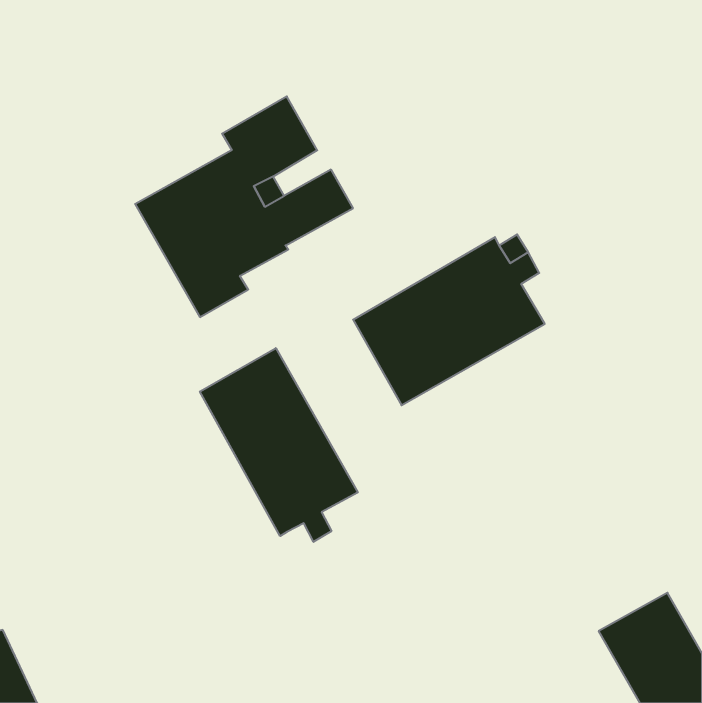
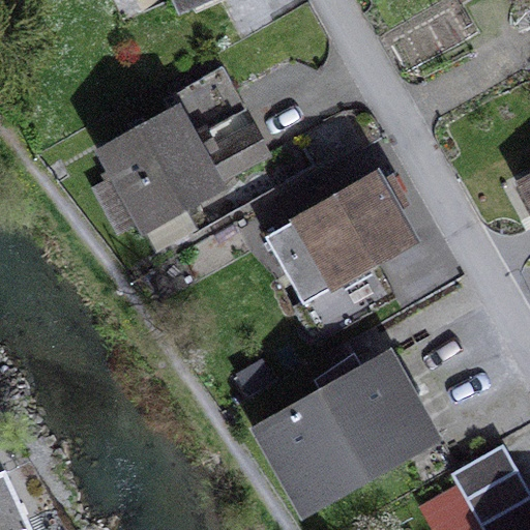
building: [200,348,358,542] -> none
building: none -> [260,359,431,509]

